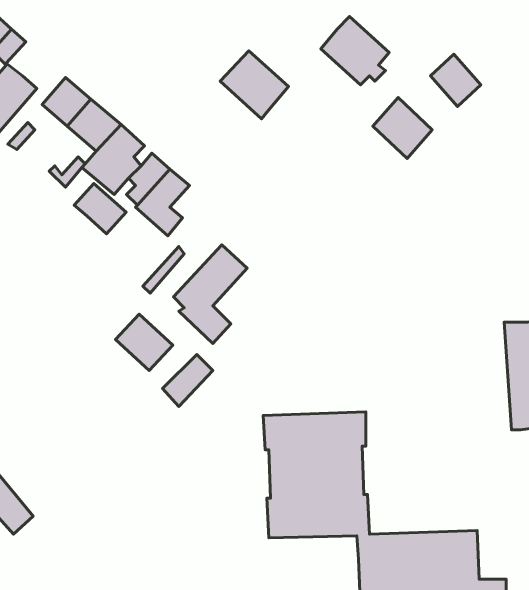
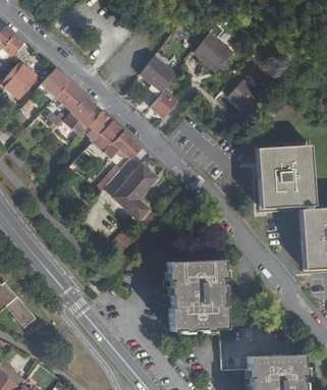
building: none -> [152,88,182,118]
building: [74,184,126,234] -> [112,130,142,159]
building: none -> [259,146,309,208]
building: [115,314,173,371] -> none

